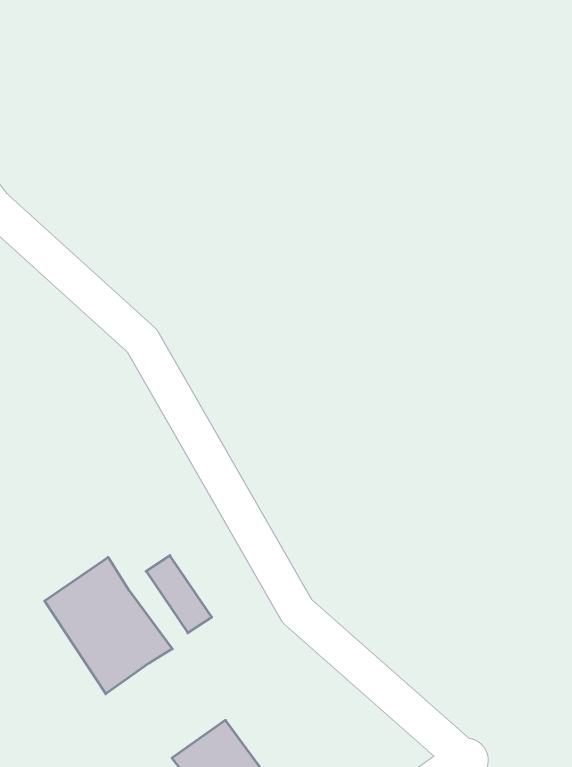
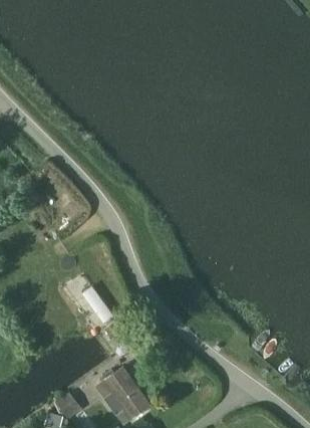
building: [45,557,172,694] -> none

